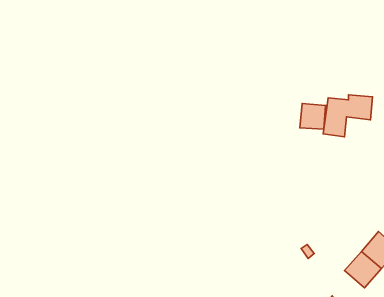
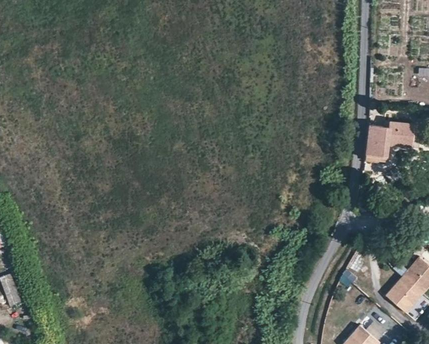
building: [300,103,325,129] -> none

